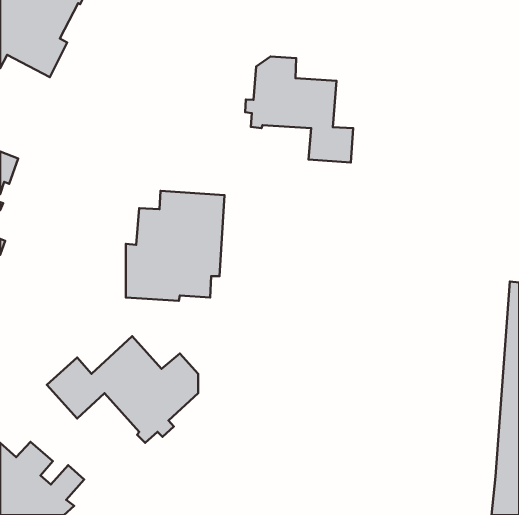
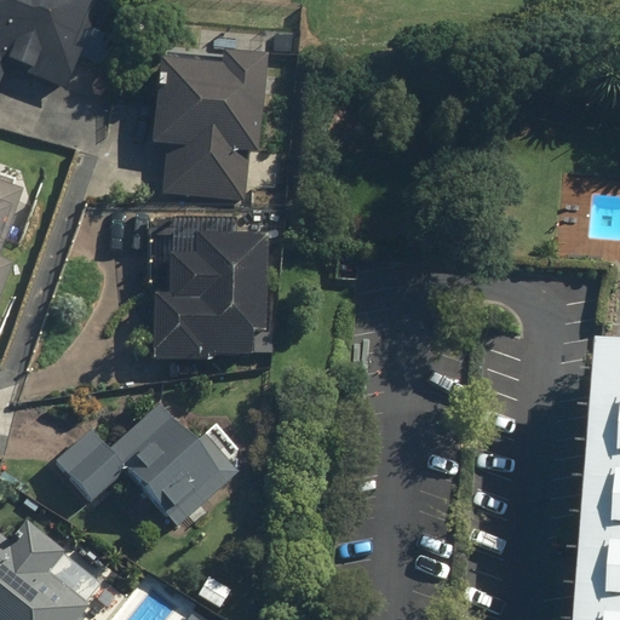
building: none -> [151,47,263,199]
building: [245,56,353,162] -> none

